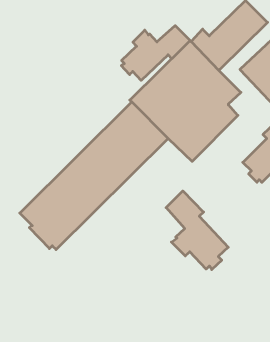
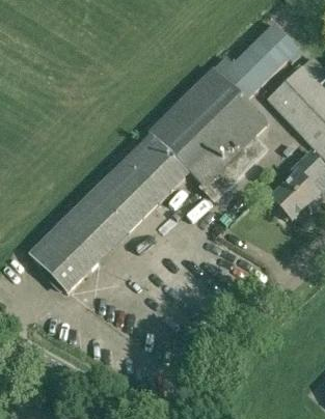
building: [121,26,190,80] -> none
building: [166,191,228,270] -> none

